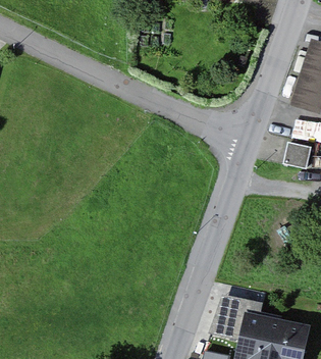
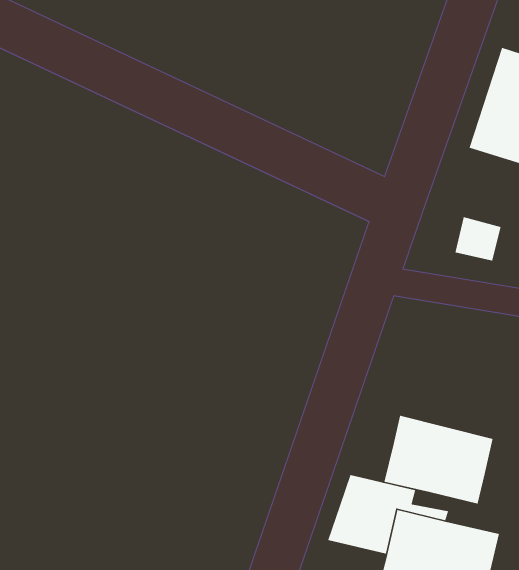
building: none -> [384,415,493,505]

